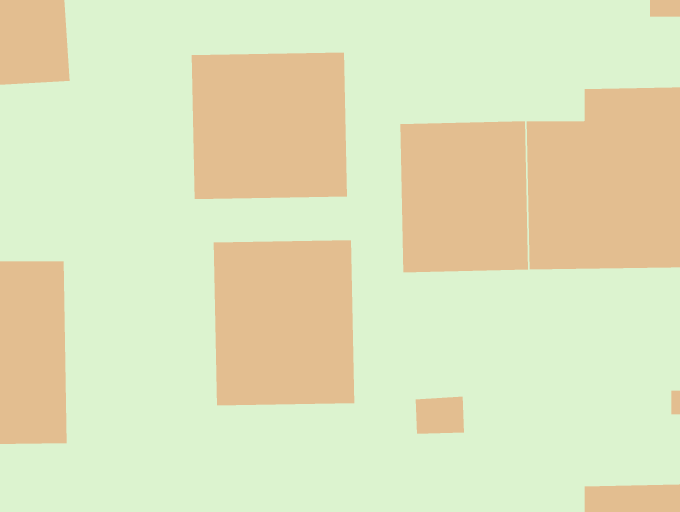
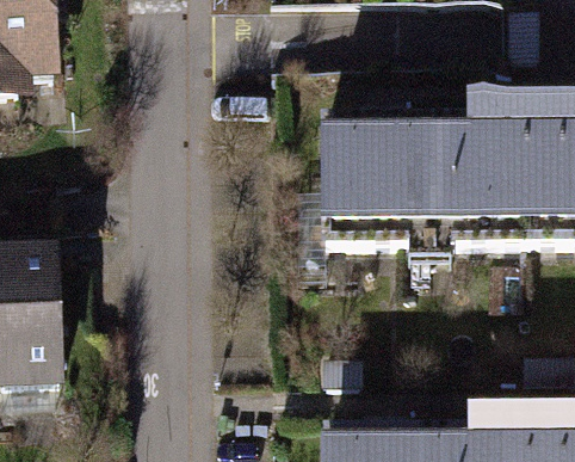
building: [191,52,347,200] -> none
building: [213,240,355,406] -> none

